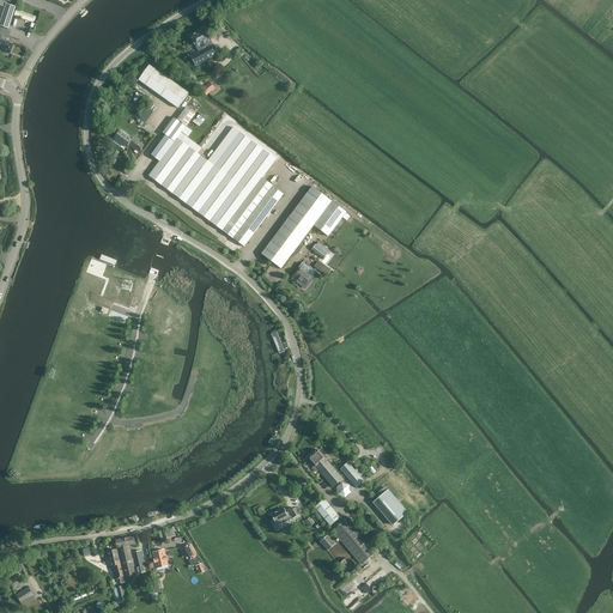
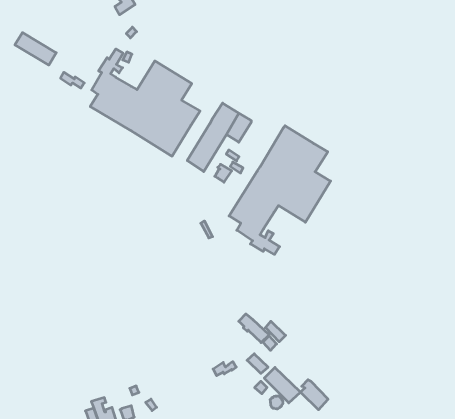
building: [138,63,188,107] -> [15,33,56,65]
building: none -> [229,126,331,254]
building: [372,486,406,524] -> [300,380,328,410]

